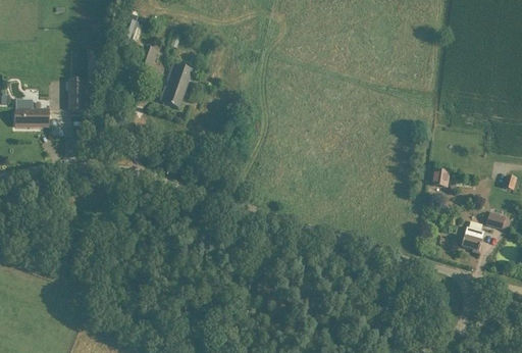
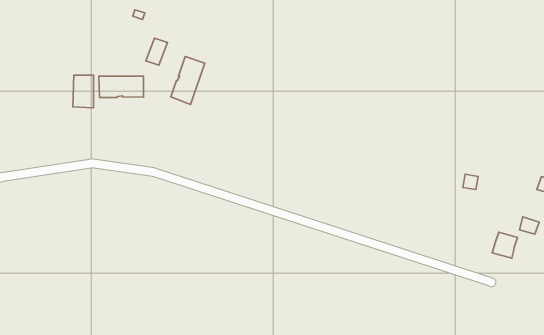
building: none -> [99,76,144,98]
building: [15,106,49,125] -> none

